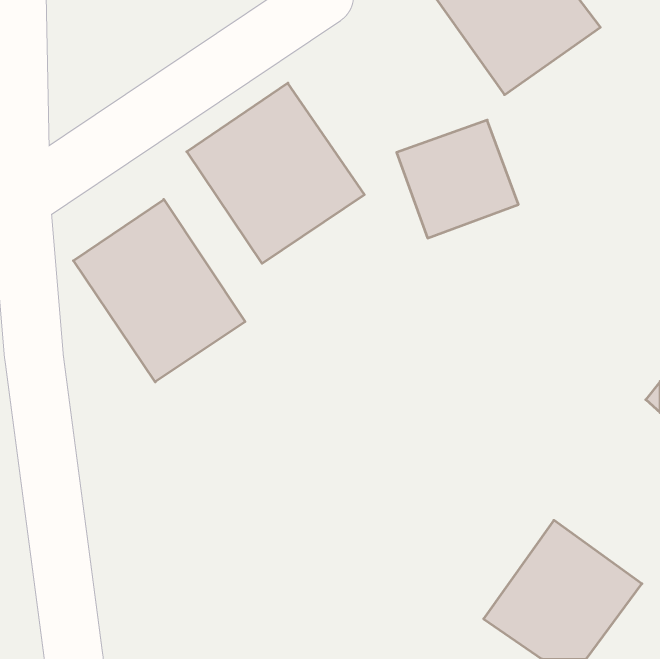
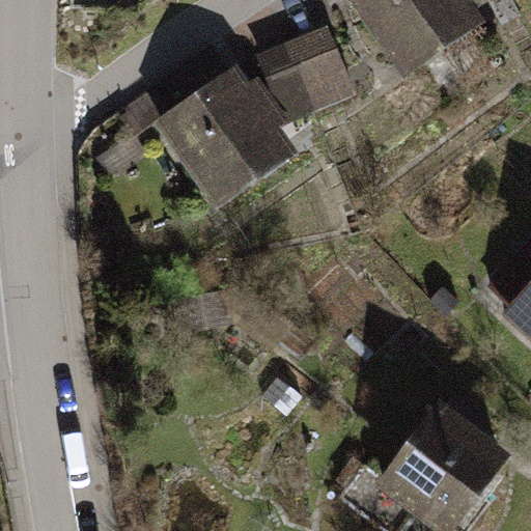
building: [397,120,518,238] -> [257,22,355,116]
building: [73,199,245,382] -> none

